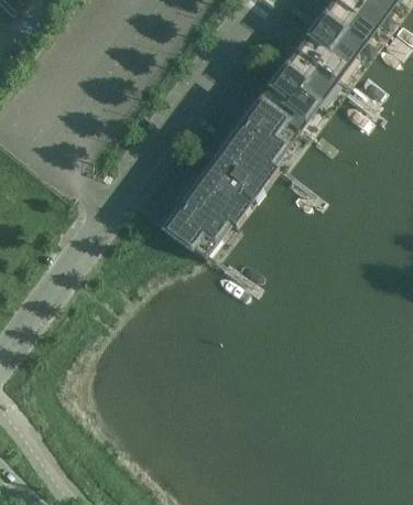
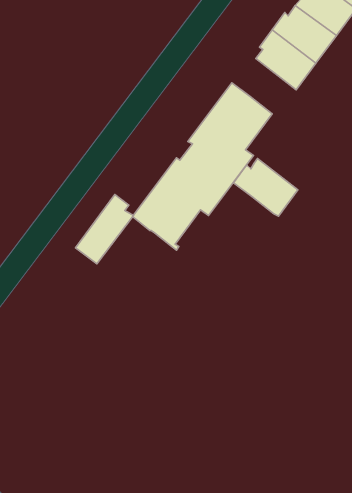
building: [257,77,318,132] -> [233,159,298,216]
building: none -> [75,195,133,264]

